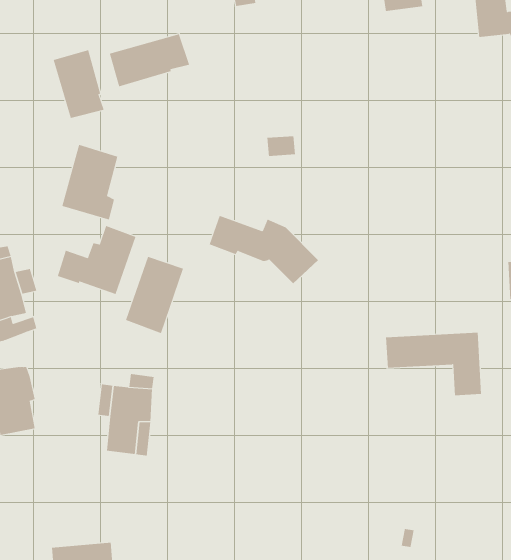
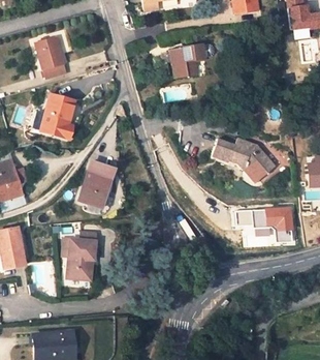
building: [109,34,190,87] -> none
building: none -> [170,43,215,78]
building: [209,215,319,284] -> [204,139,270,180]
building: [57,225,136,295] -> none

